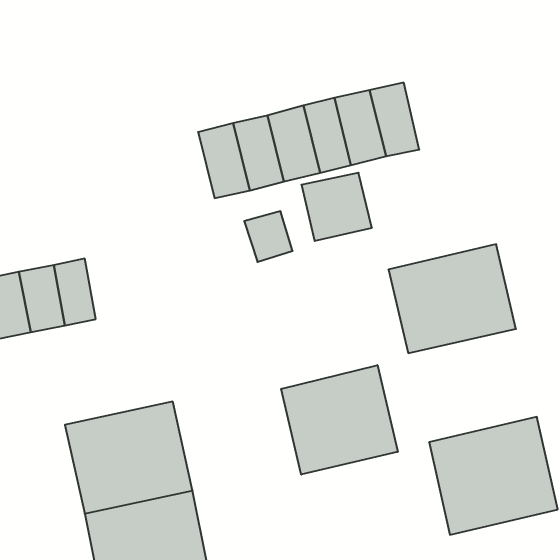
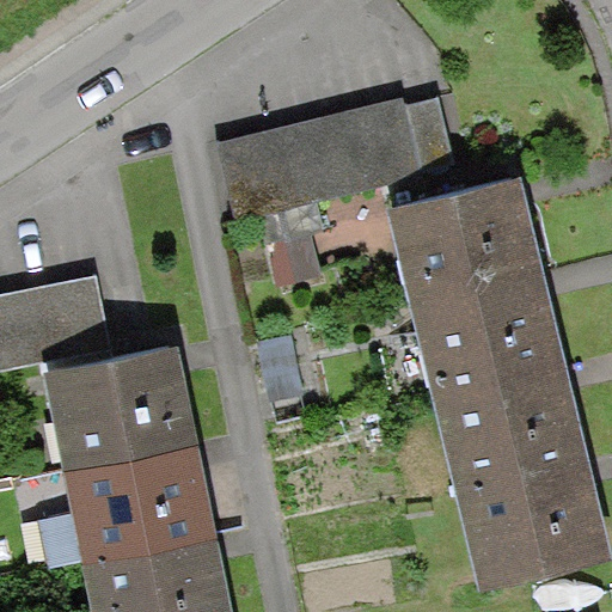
building: none -> [402,178,539,295]
building: none -> [50,345,188,464]
building: none -> [443,360,583,483]
building: [281,365,398,475] -> none

